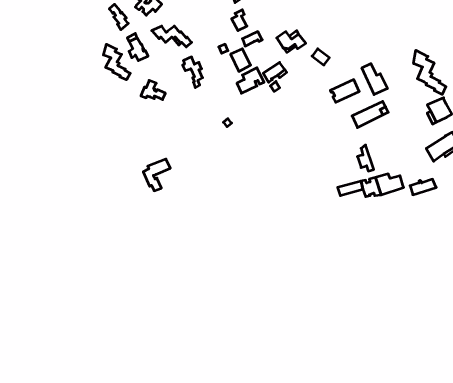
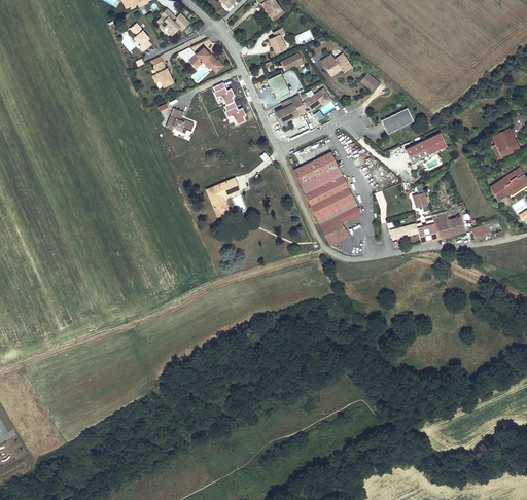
building: [103,44,130,80] -> none
building: [414,50,446,94] -> none
building: [362,64,387,95] -> none
building: none -> [293,152,360,245]
building: [143,159,170,191] -> [208,179,239,215]

